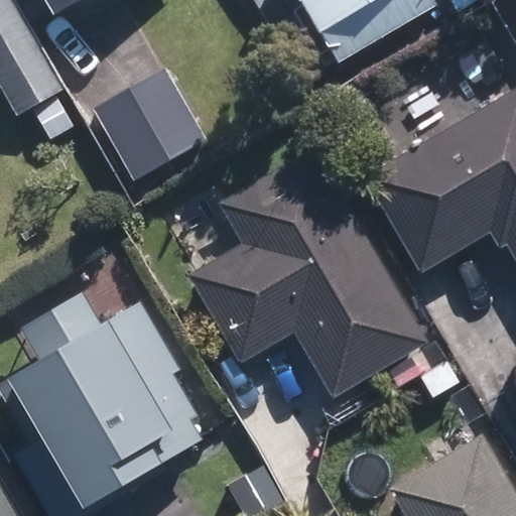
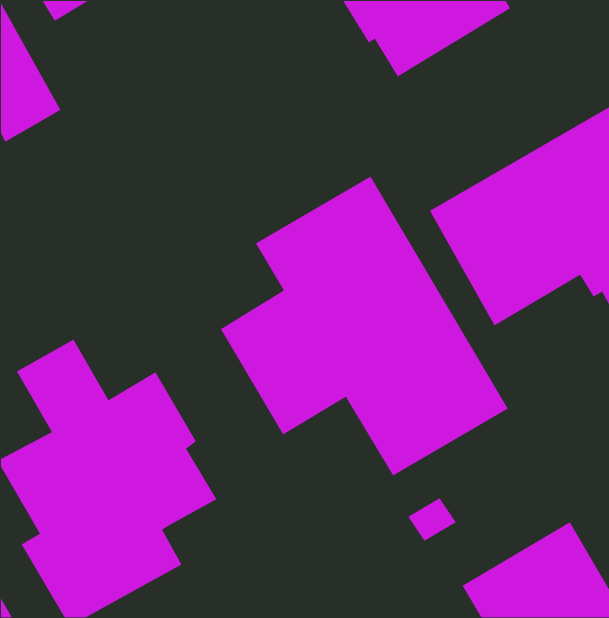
building: [93,67,207,180] -> none

